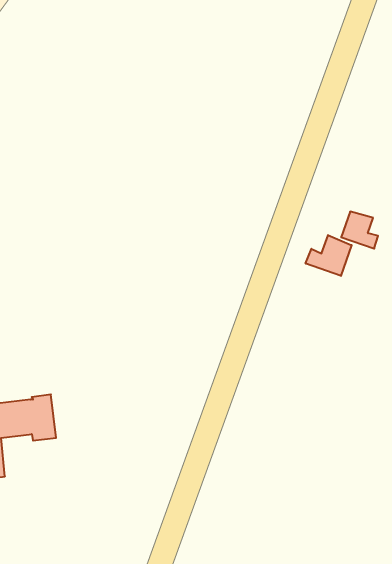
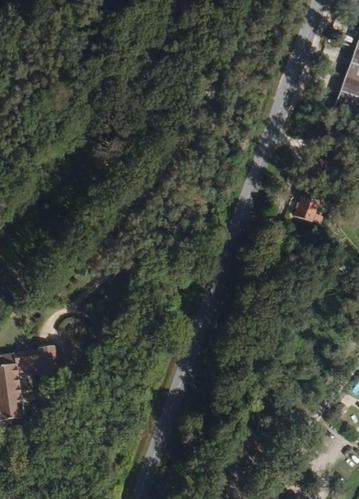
building: [306,235,352,276] -> none

